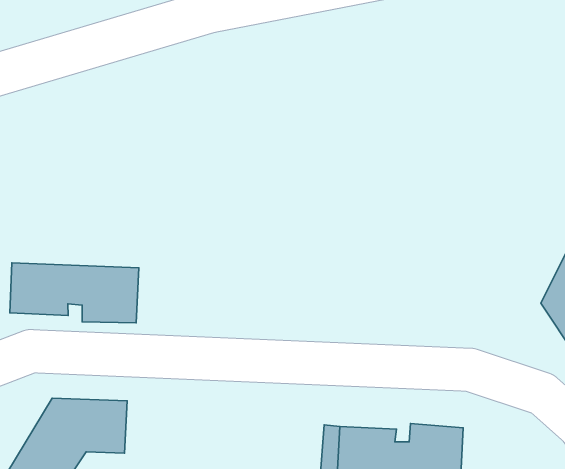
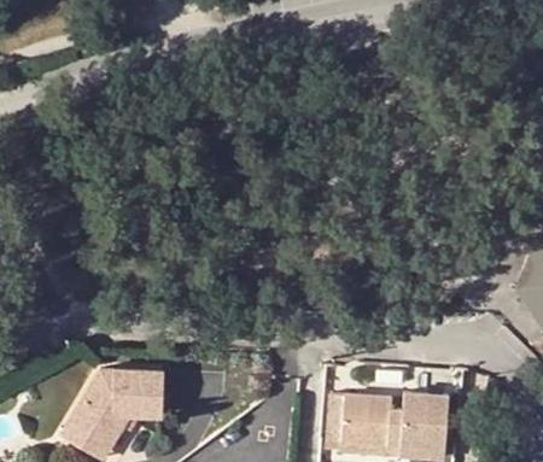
building: [10,263,139,323] -> none

